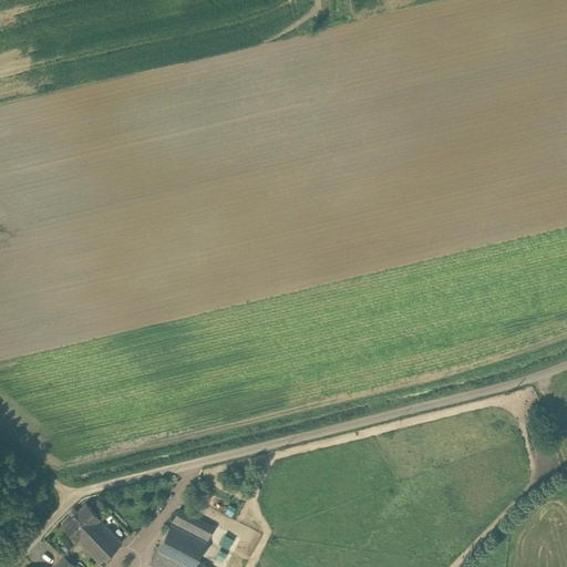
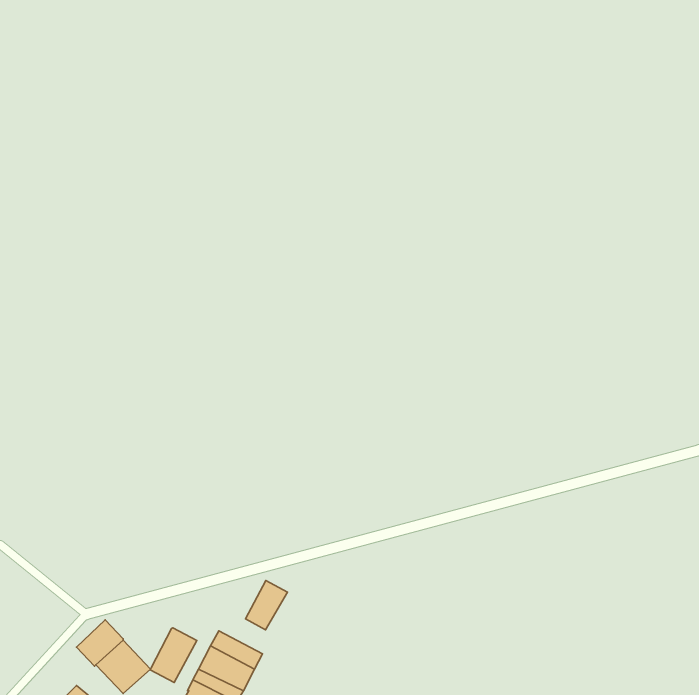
building: none -> [246,581,287,630]
building: none -> [150,628,197,683]

